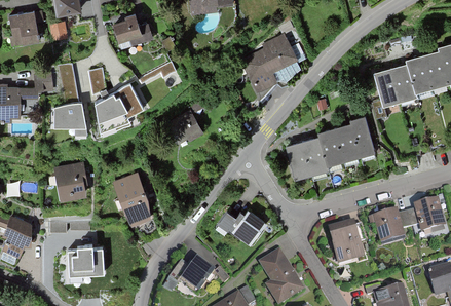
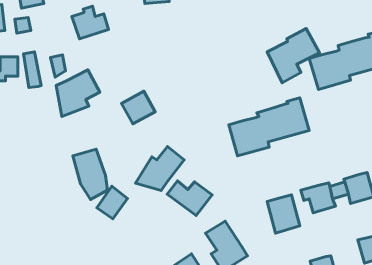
building: [241,31,299,90] -> [267,29,319,83]
building: [54,101,86,126] -> none
building: [53,158,87,198] -> none
building: none -> [135,146,184,191]
building: [70,243,105,273] -> none
building: [180,254,214,290] -> [97,186,128,219]

